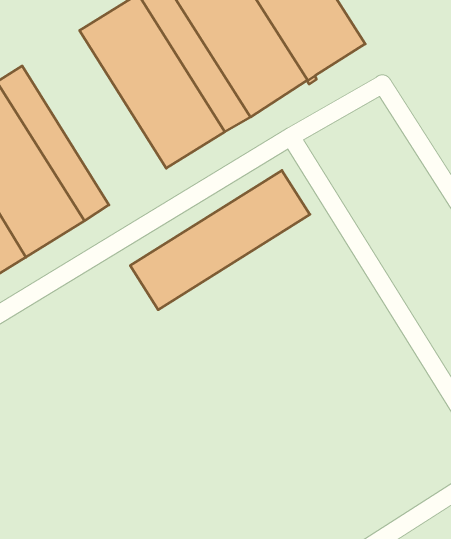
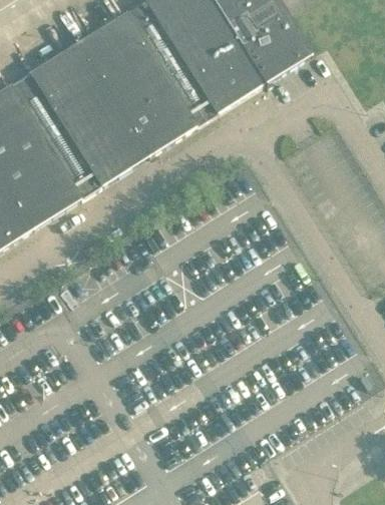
building: none -> [31,40,149,183]
building: [130,170,310,310] -> none

